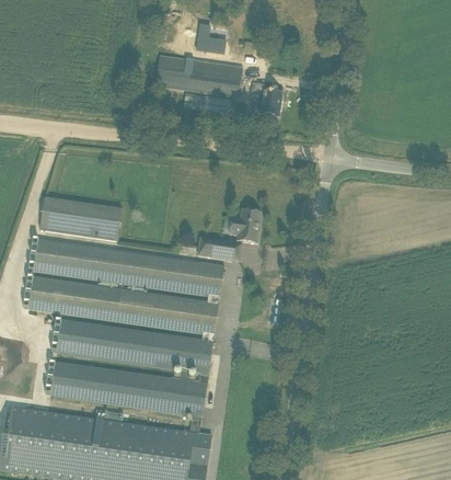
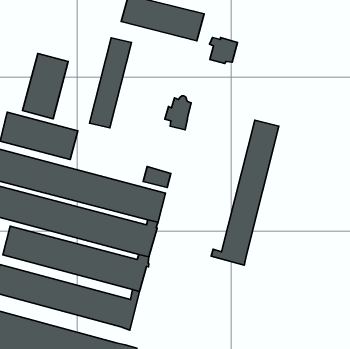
building: none -> [89,38,132,128]
building: none -> [23,53,68,119]
building: none -> [211,120,279,265]
building: [233,206,259,242] -> [165,96,191,130]

